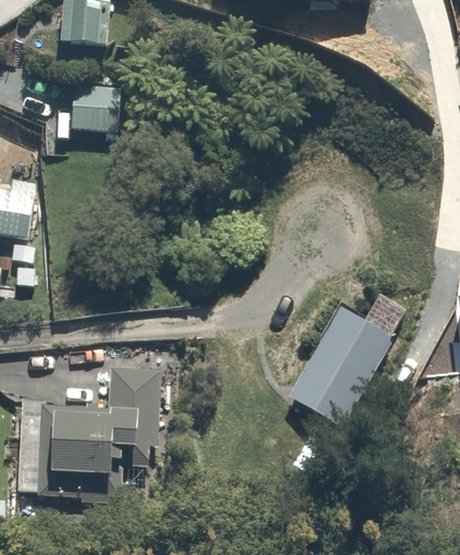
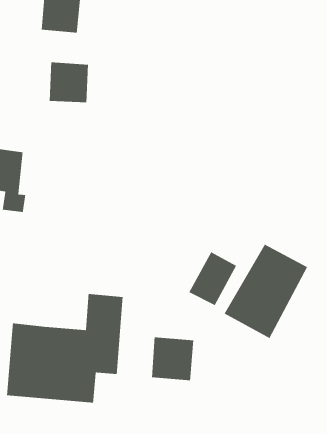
building: none -> [188,251,237,306]
building: none -> [151,336,194,381]

